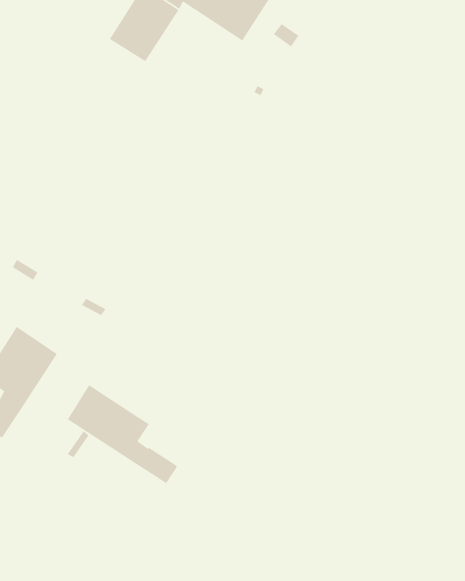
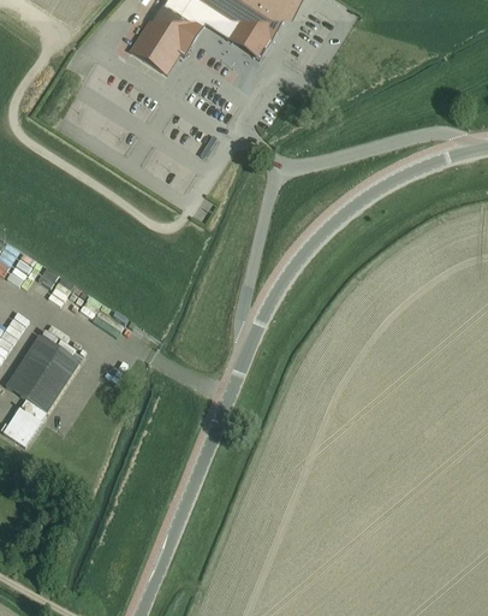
building: [67,384,179,484] -> none

